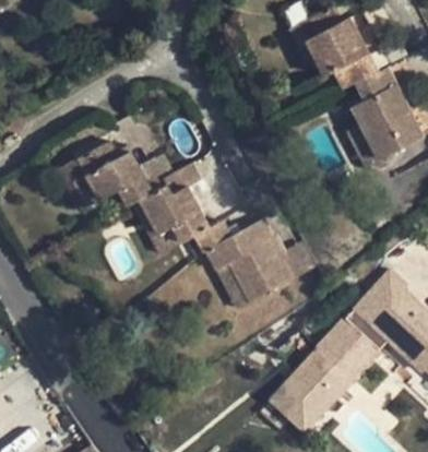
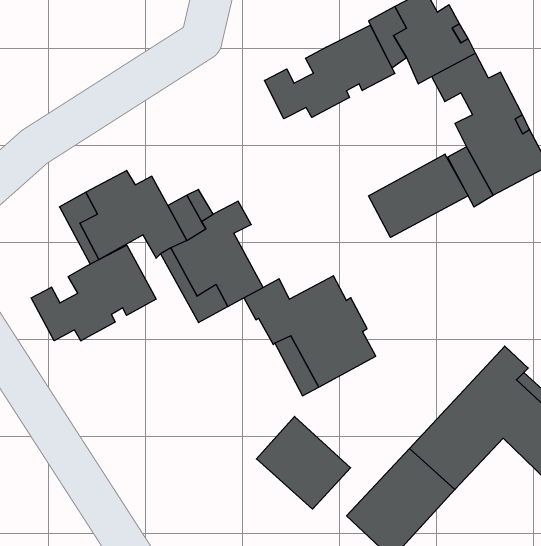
building: none -> [264,25,395,119]
building: none -> [369,154,468,237]
building: none -> [31,245,156,341]
building: none -> [256,416,351,509]

